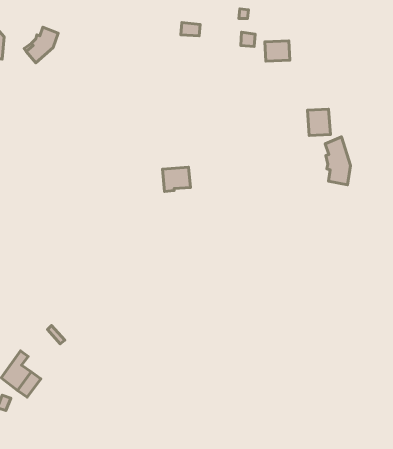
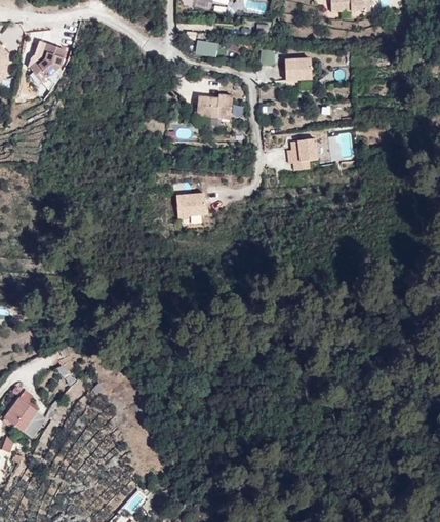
building: none -> [196,94,231,118]
building: none -> [289,138,317,170]
building: [325,137,351,185] -> none

